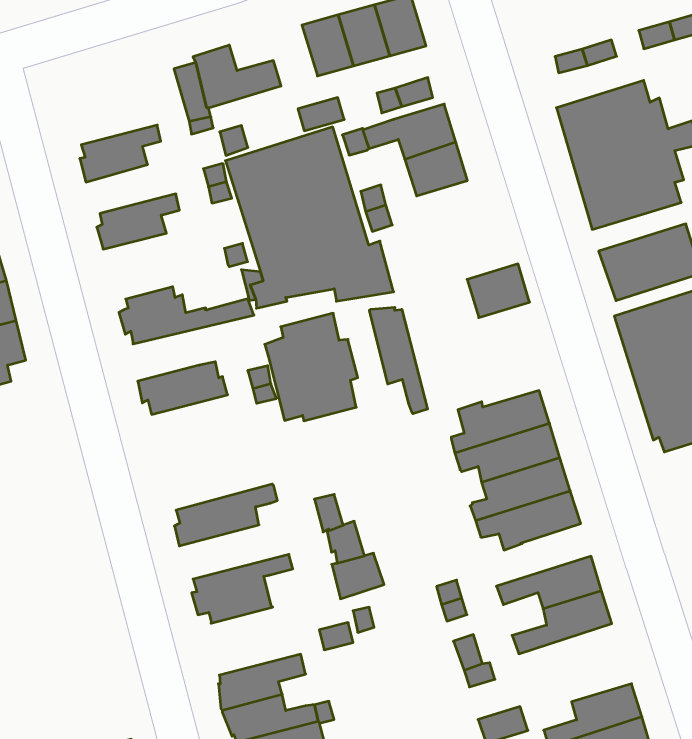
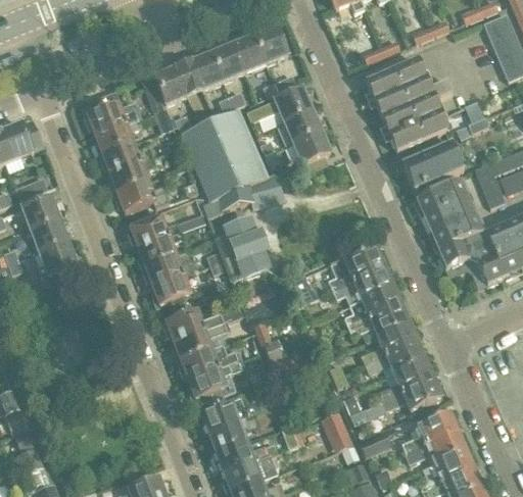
building: none -> [175,50,228,87]
building: none -> [85,91,142,134]
building: none -> [100,141,153,172]
building: none -> [114,180,170,211]
building: [467,264,530,318] -> [293,130,331,163]
building: [369,307,428,414] -> none
building: none -> [138,231,187,267]
building: none -> [153,269,199,306]
building: none -> [163,305,243,340]
building: none -> [362,321,418,363]
building: none -> [178,343,242,379]
building: none -> [200,392,255,433]
building: none -> [382,378,442,411]
building: none -> [321,410,353,451]

